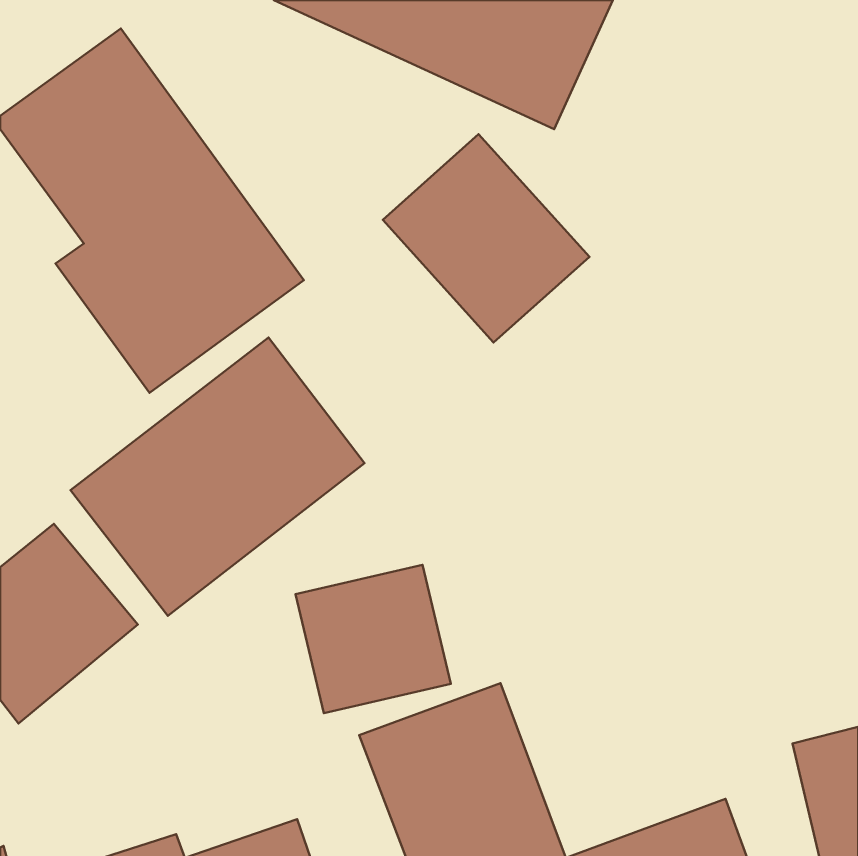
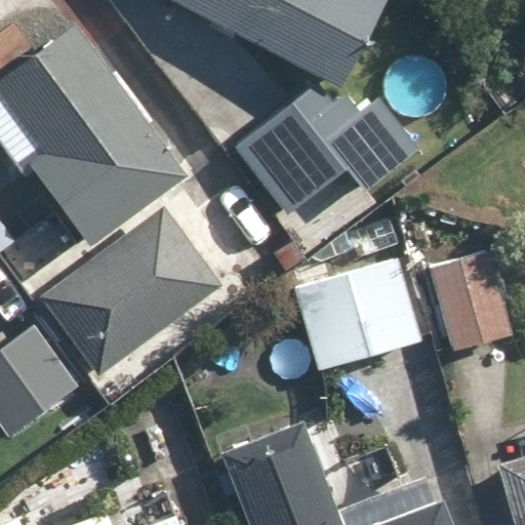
building: none -> [413,241,515,358]
building: none -> [287,251,427,379]
building: [295,565,451,713] -> none

